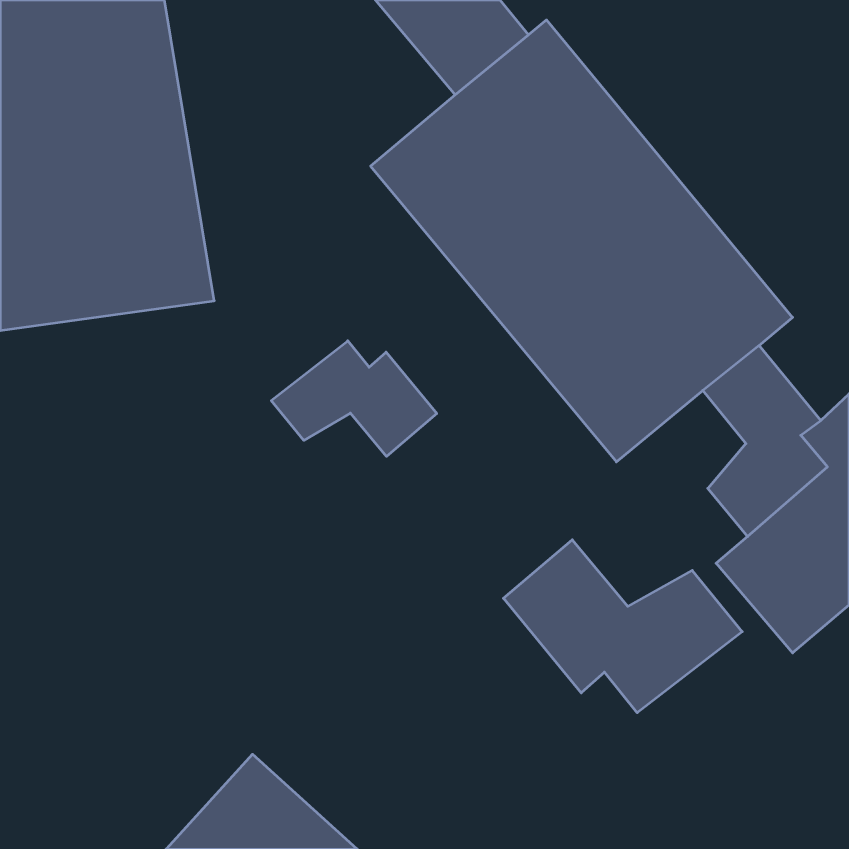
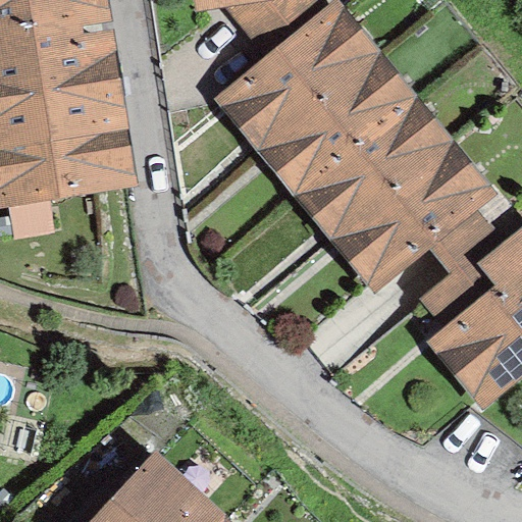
building: [271,341,437,456] -> none
building: [503,540,742,713] -> none

